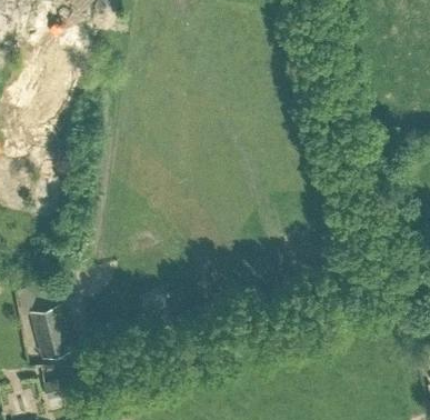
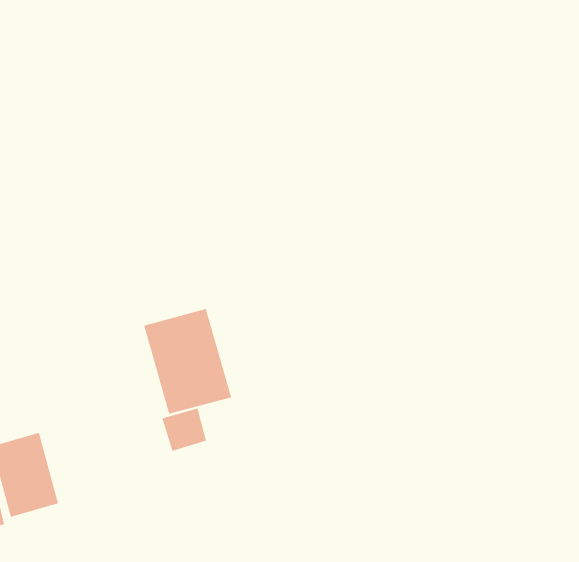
building: none -> [143,308,232,415]

